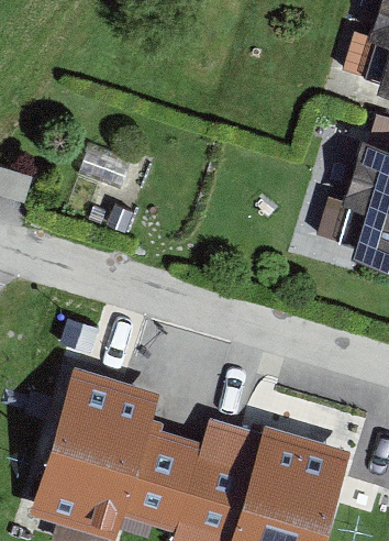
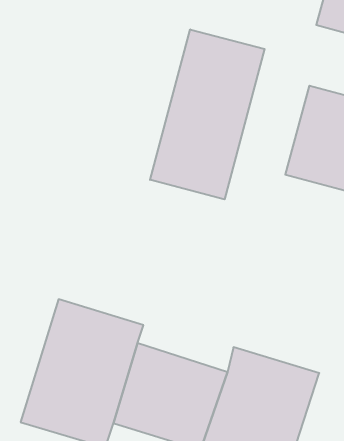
building: none -> [150,29,265,199]

